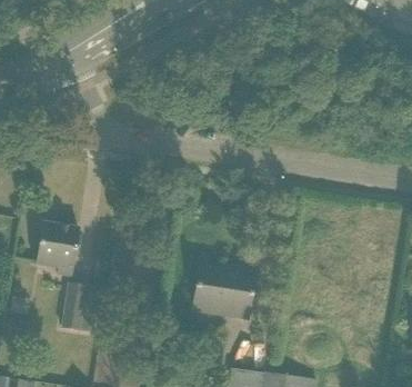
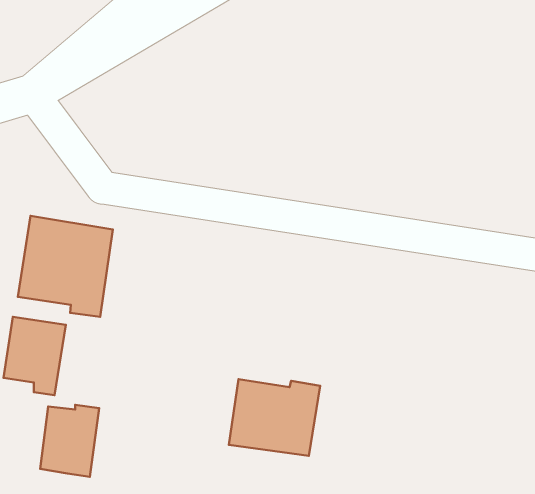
building: none -> [18,216,113,317]

